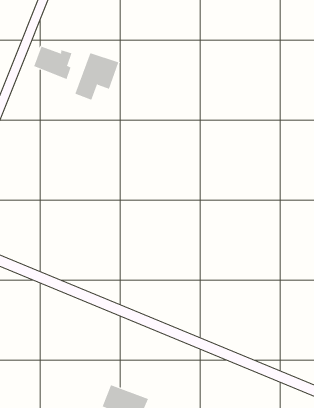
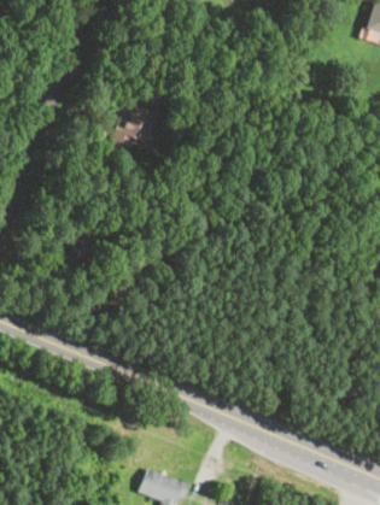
building: [34,46,72,80] -> none

